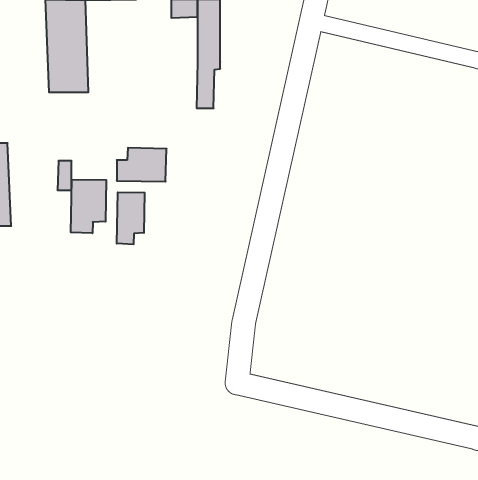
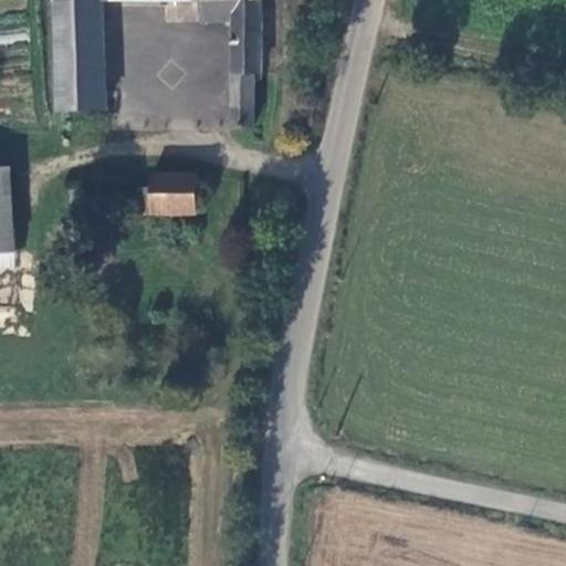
building: [71,180,106,233] -> none
building: [117,192,145,244] -> none

